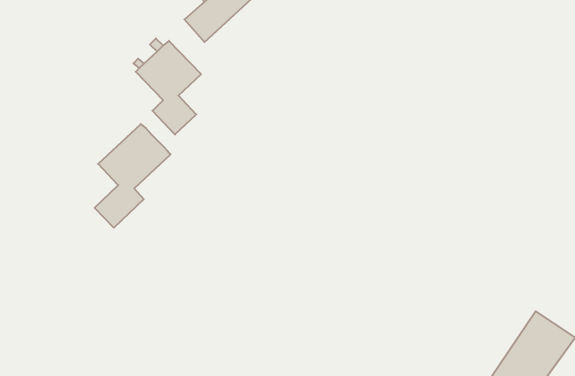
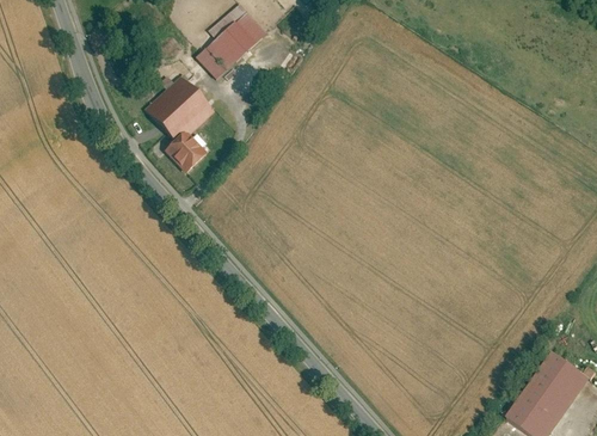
building: [95,124,171,228] -> none

